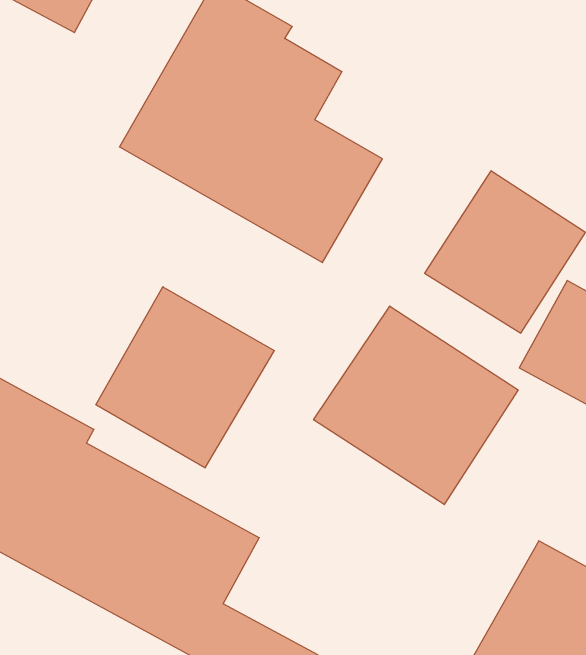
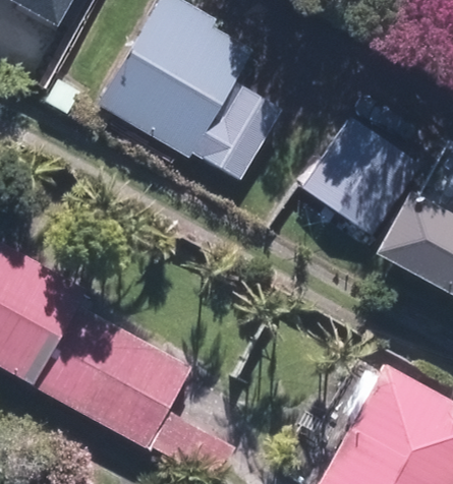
building: [96,287,274,468] -> none
building: [314,306,518,505] -> none

